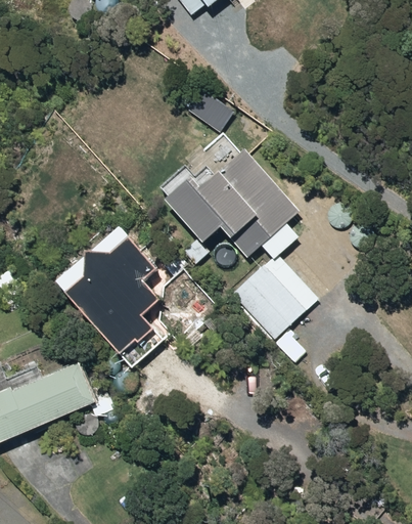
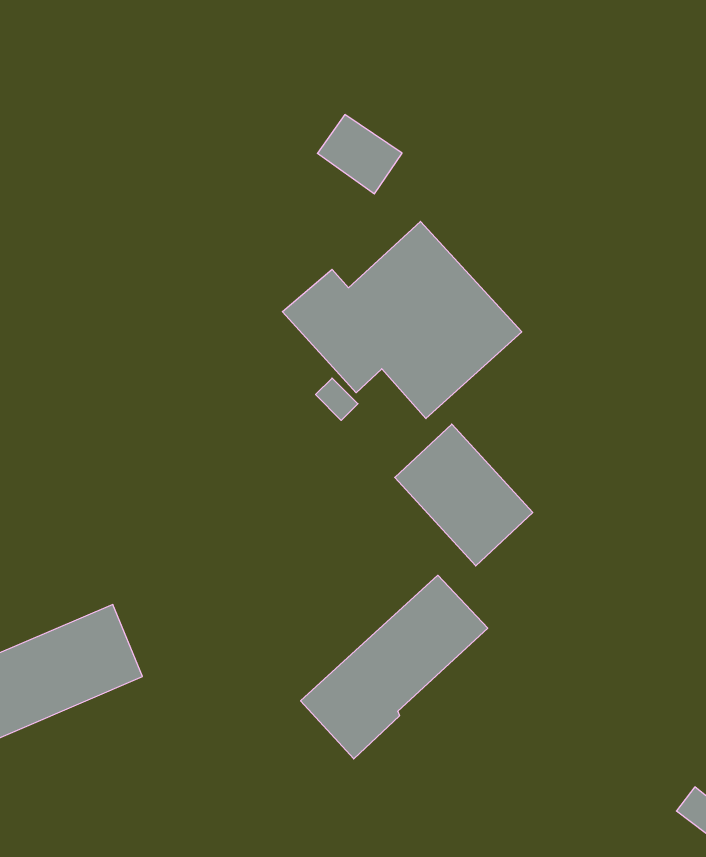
building: [63,237,154,355] -> none
building: none -> [301,575,488,759]

